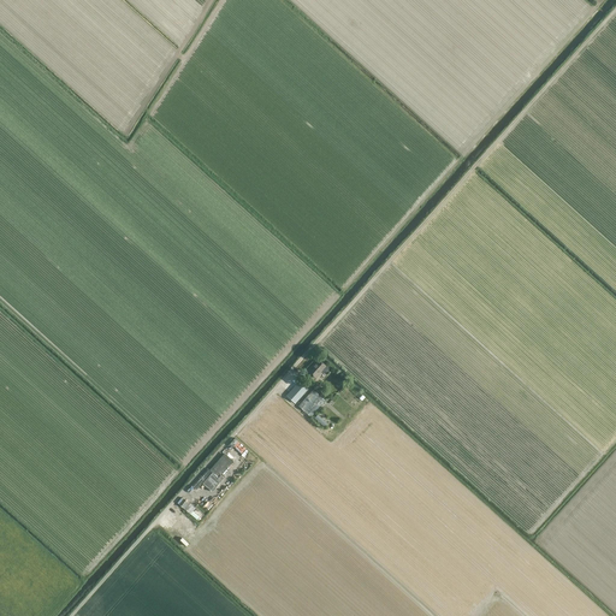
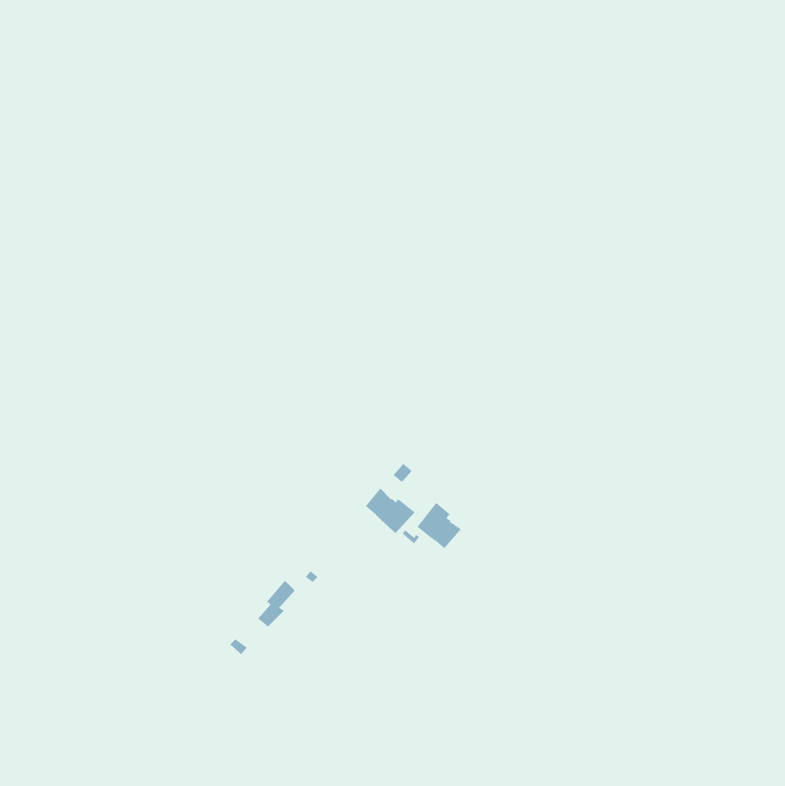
building: none -> [416,502,462,549]

